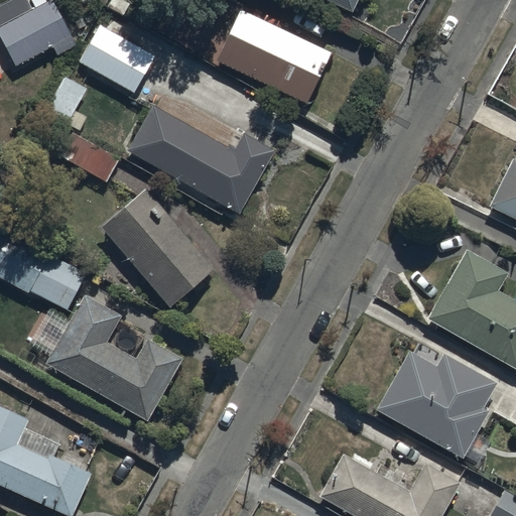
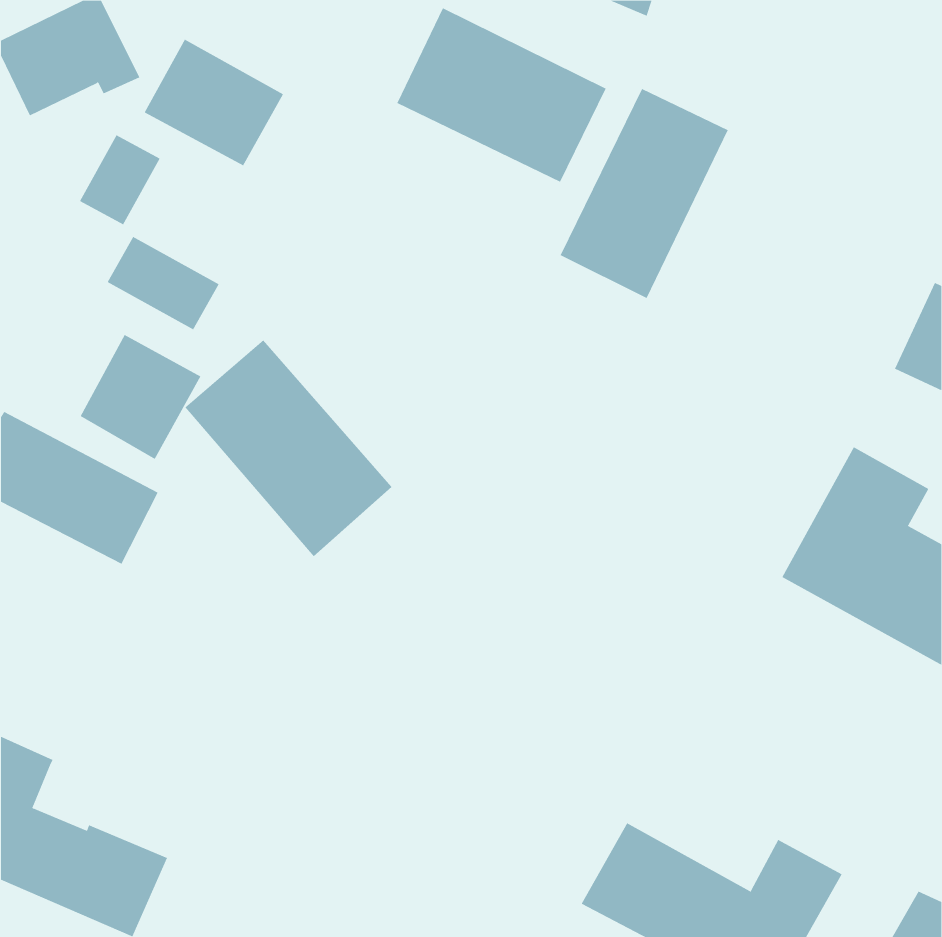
building: none -> [560,88,729,299]
building: [125,104,275,215] -> none
building: none -> [80,334,201,460]
building: [44,293,182,421] -> none
building: [375,350,497,459] -> none

